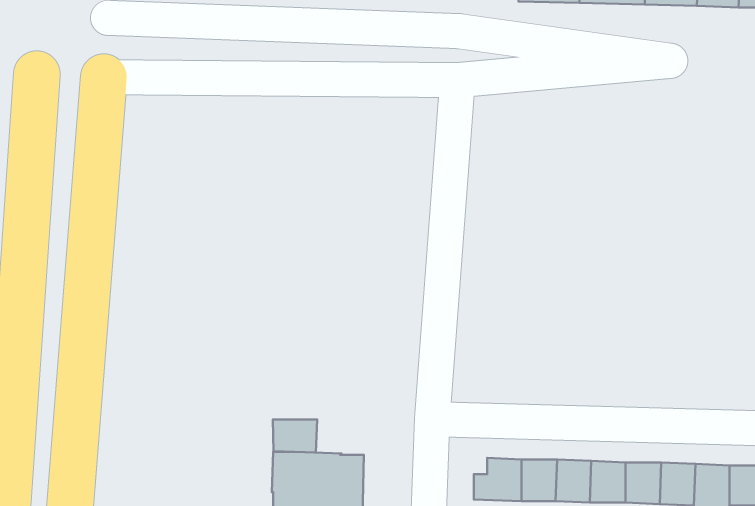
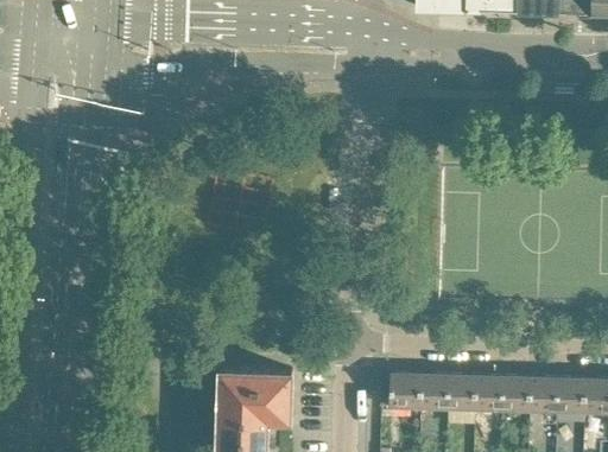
building: [273,419,317,453] -> none

